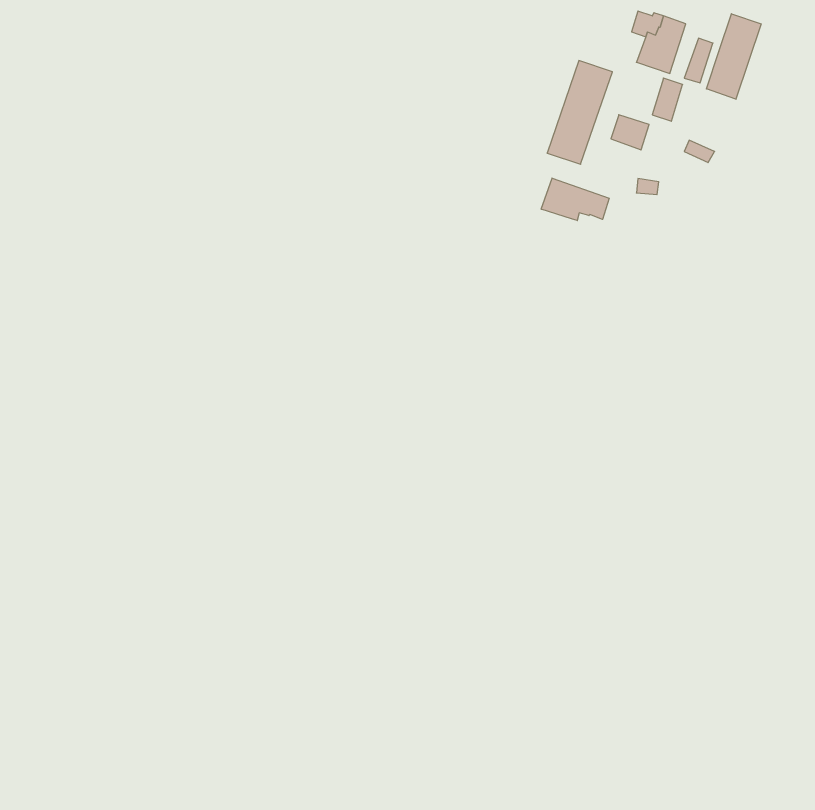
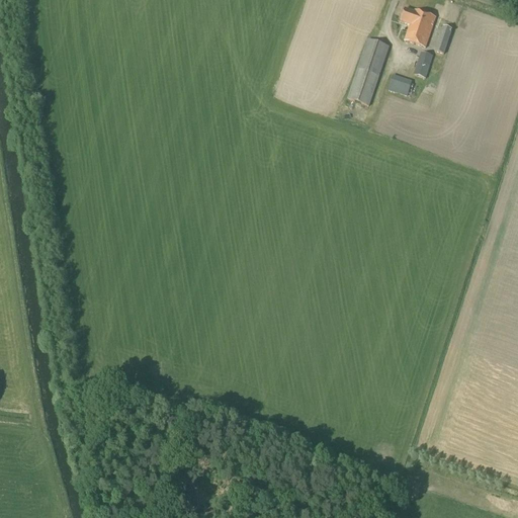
building: [706,14,761,99] -> none
building: [541,178,609,221] -> none

